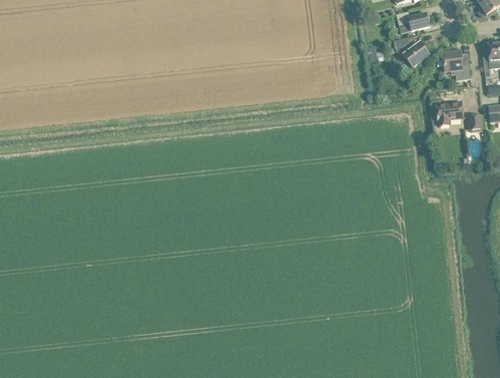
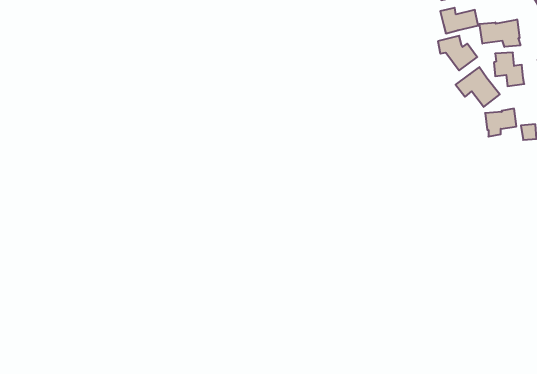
building: none -> [479,19,520,47]
building: none -> [456,67,500,107]

